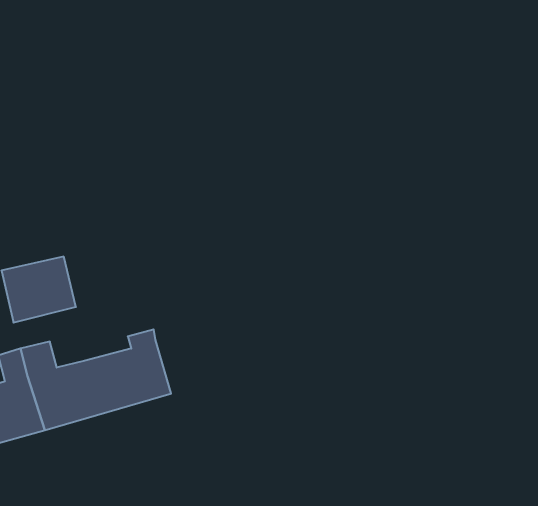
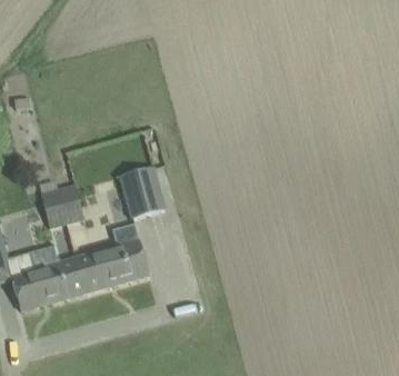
building: none -> [119,166,166,218]

